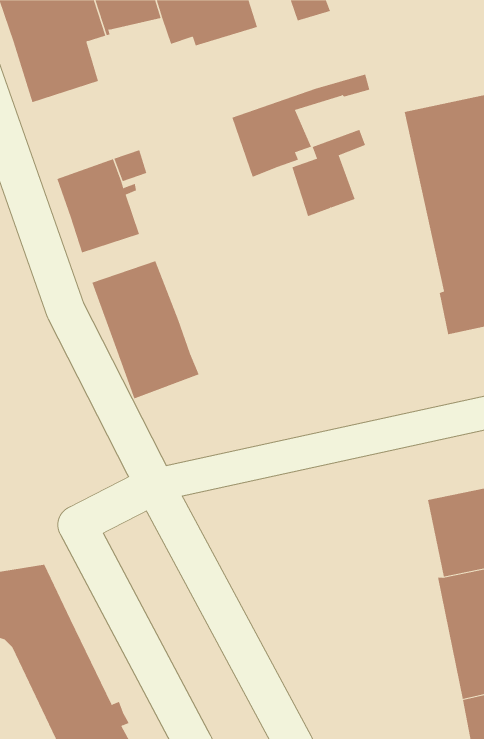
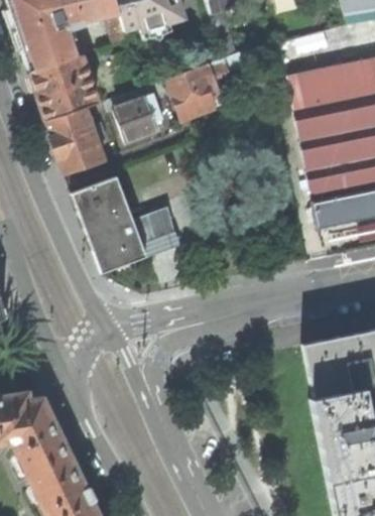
building: none -> [30,53,99,121]
building: [291,129,366,217] -> [115,84,166,144]
building: none -> [132,208,182,259]

